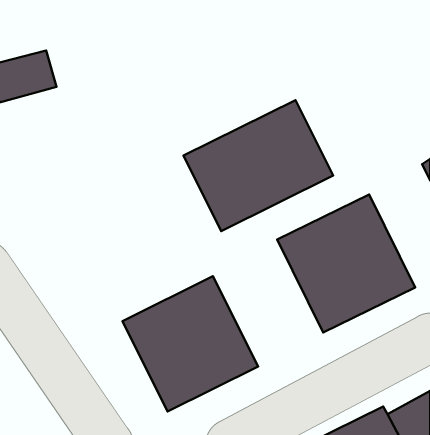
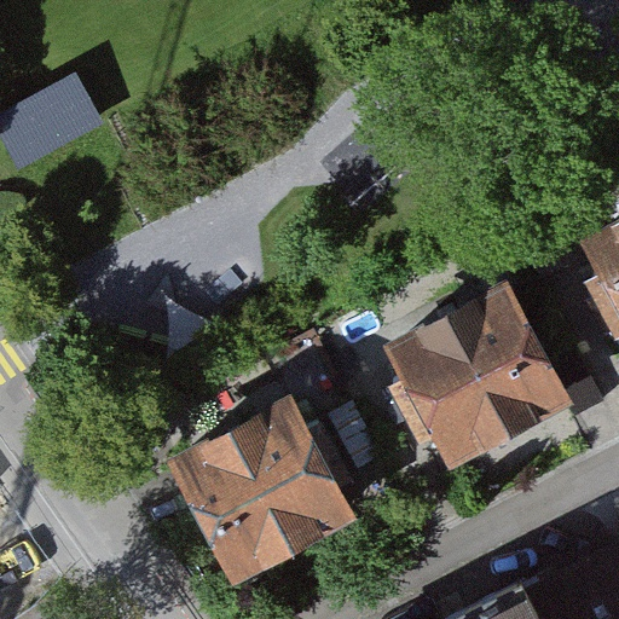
building: [184,100,333,231] -> none

